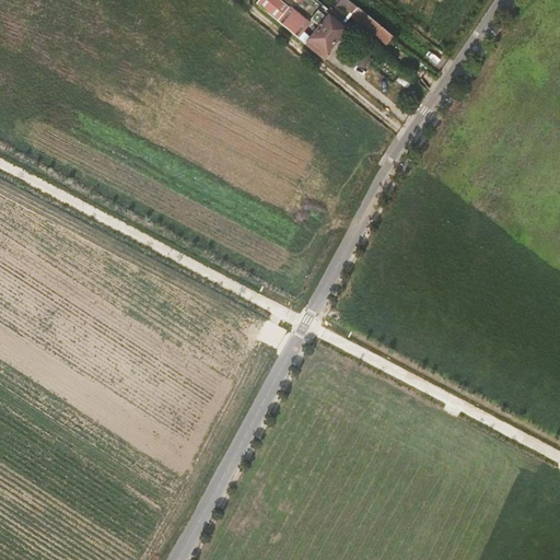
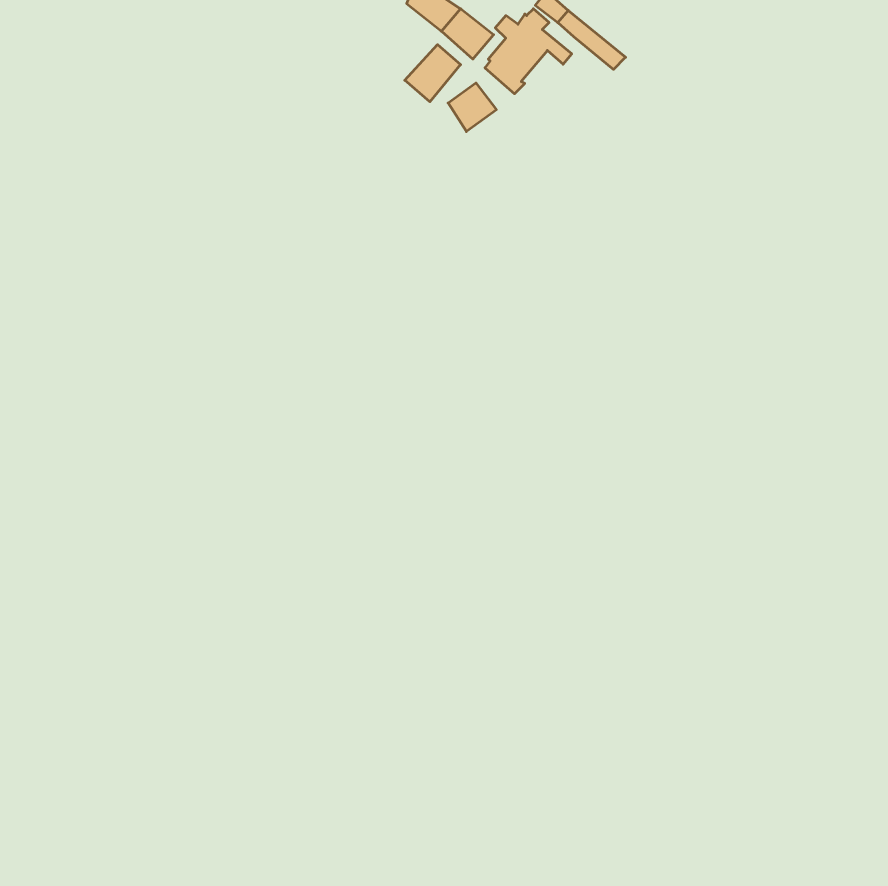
building: none -> [405,45,461,102]
building: none -> [448,83,496,132]

